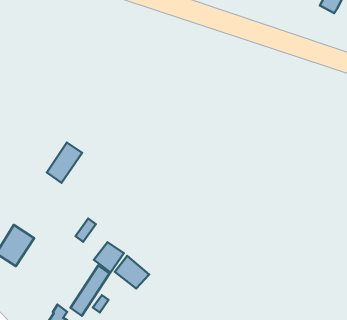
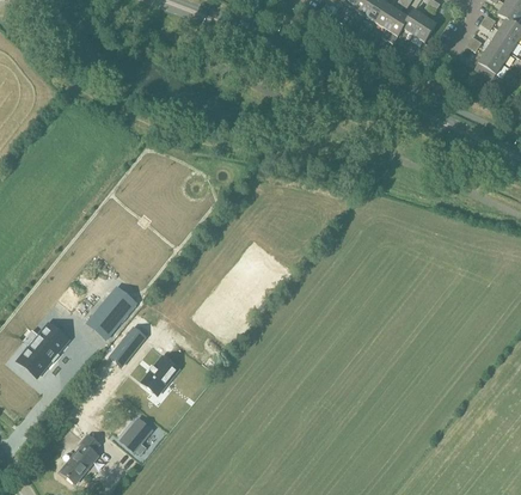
building: [47,143,82,183] -> [87,287,136,340]
building: [115,256,149,289] -> none

